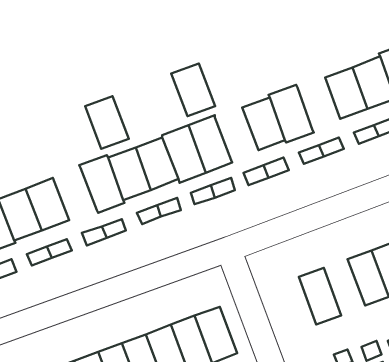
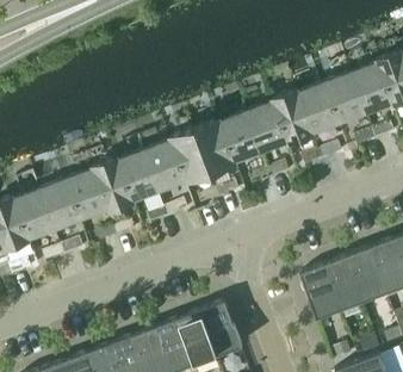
building: [171,64,215,116] -> [219,111,261,161]
building: none -> [298,82,339,132]
building: [85,96,129,149] -> [66,168,107,218]
building: none -> [323,255,362,309]

